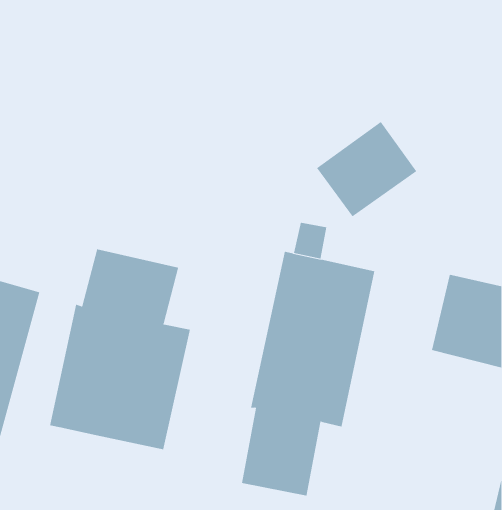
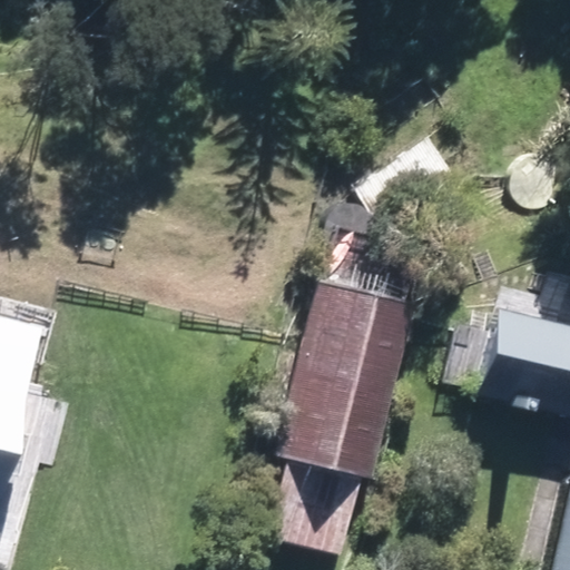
building: [50,249,190,450] -> none

